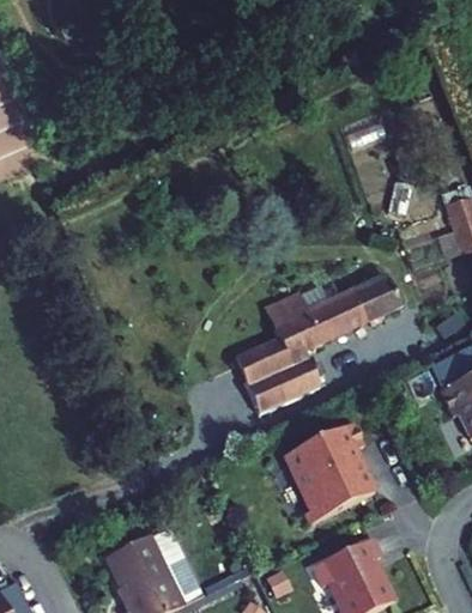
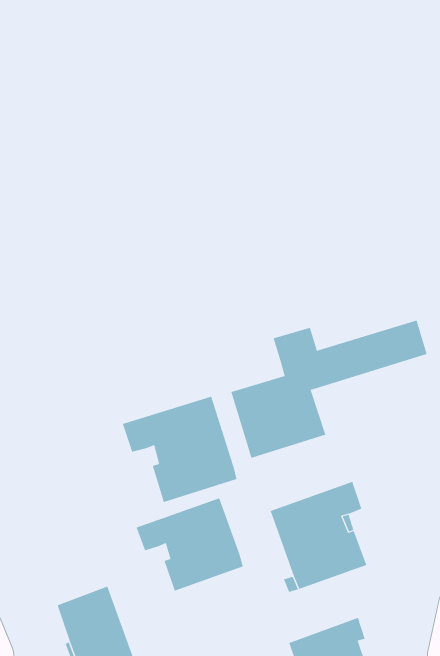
building: none -> [122,396,237,503]
building: none -> [136,497,244,592]

